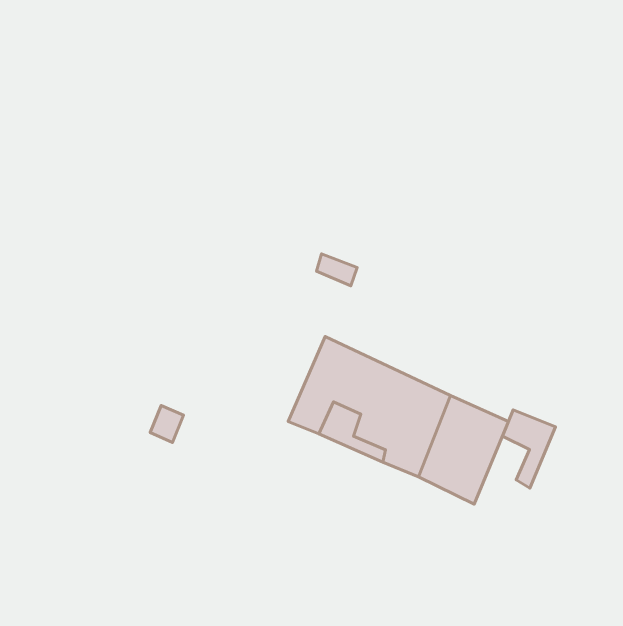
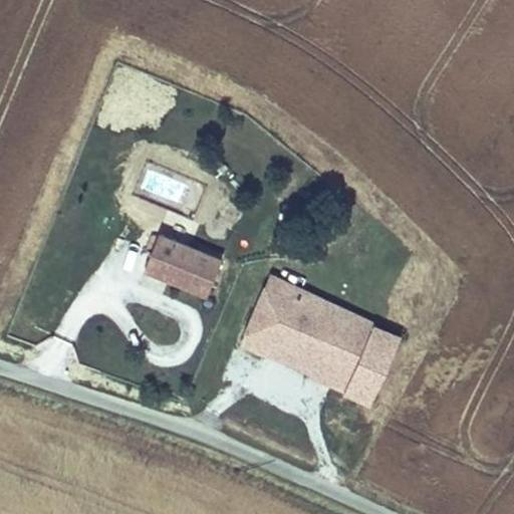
building: none -> [142,233,223,297]
building: [503,410,555,488] -> none

